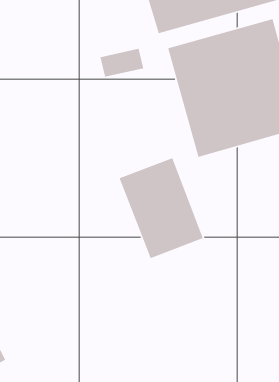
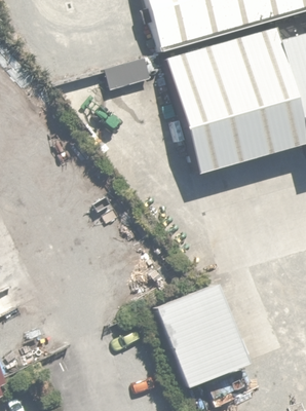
building: [118,157,204,259] -> [152,282,240,387]

